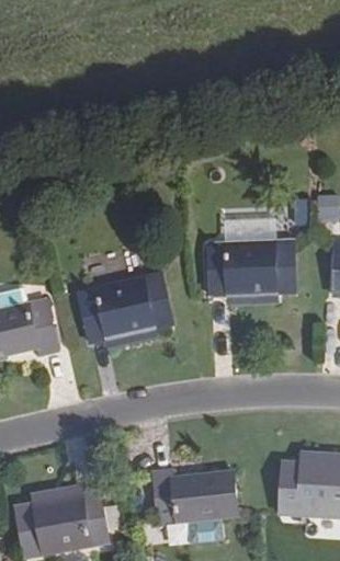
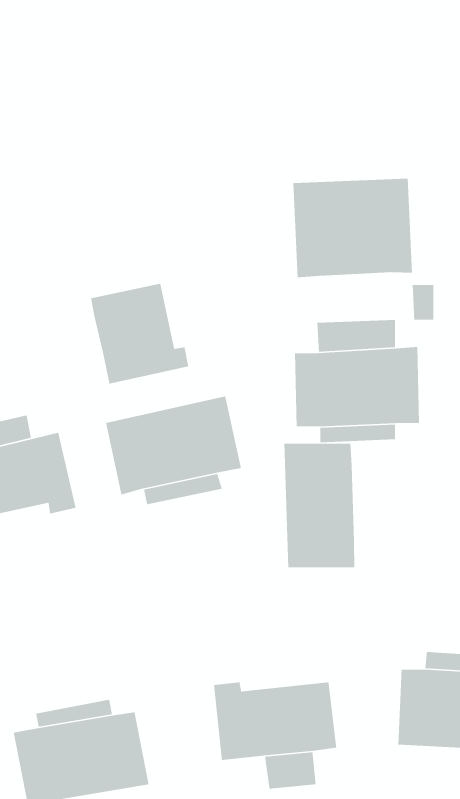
building: none -> [293,178,413,278]
building: none -> [90,283,189,385]
building: none -> [283,443,355,568]

